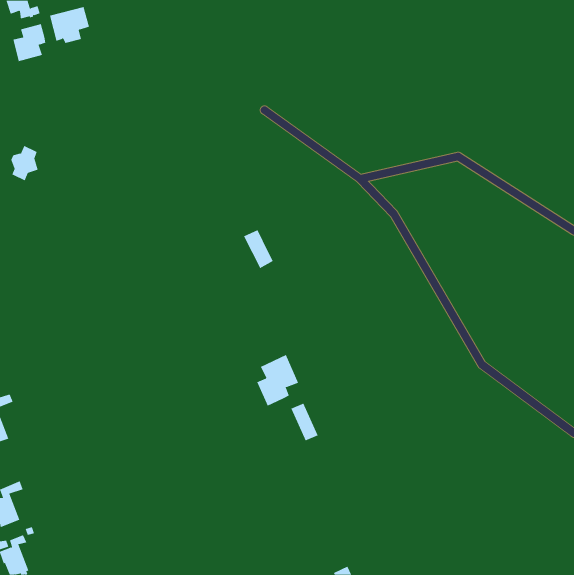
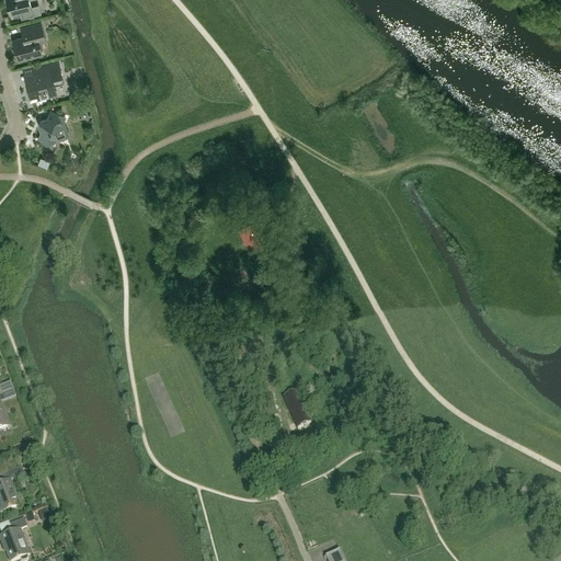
building: [49,6,90,44] -> [23,62,62,99]
building: [10,145,39,181] -> [37,111,65,146]
building: [256,354,299,406] -> none

